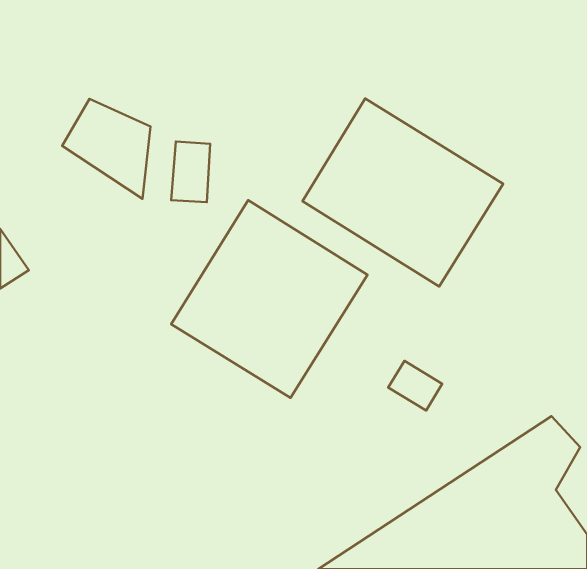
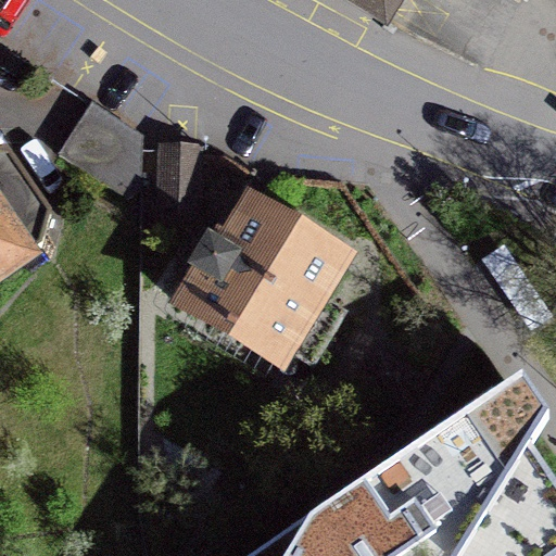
building: [302,99,503,287] -> none

